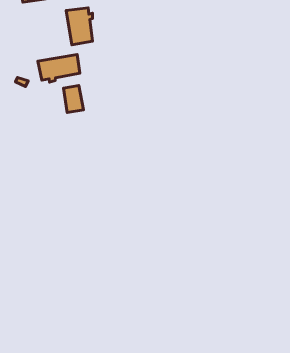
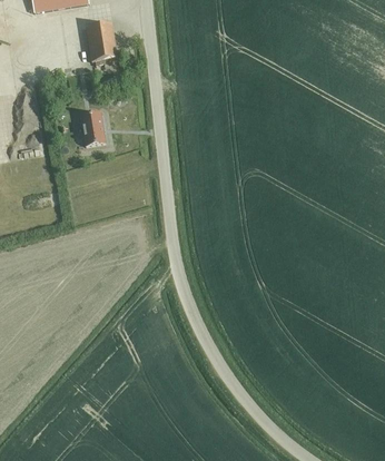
building: [38,55,80,82] -> none

